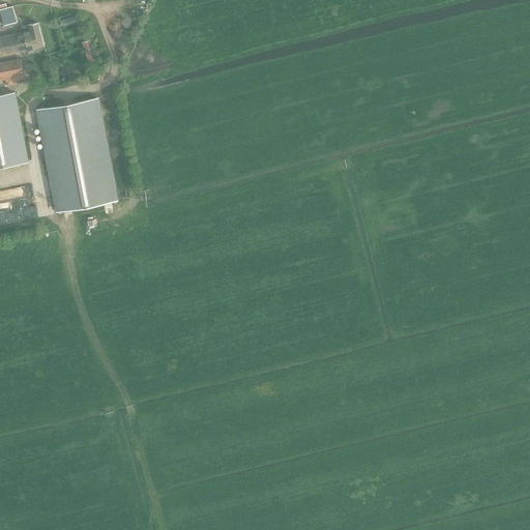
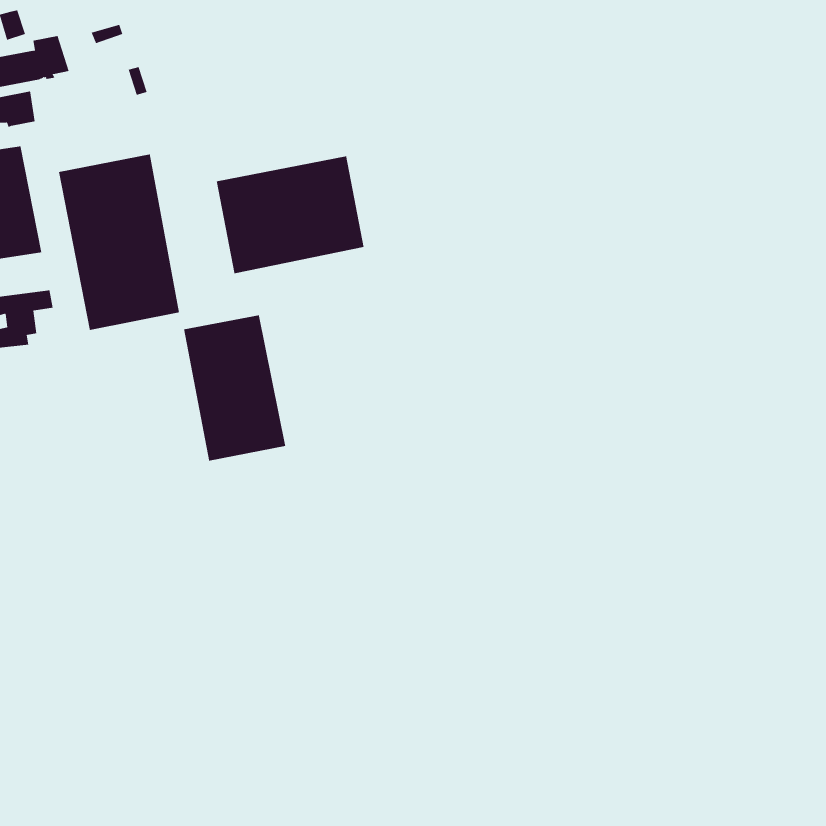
building: none -> [216,156,364,274]
building: none -> [183,314,286,461]

